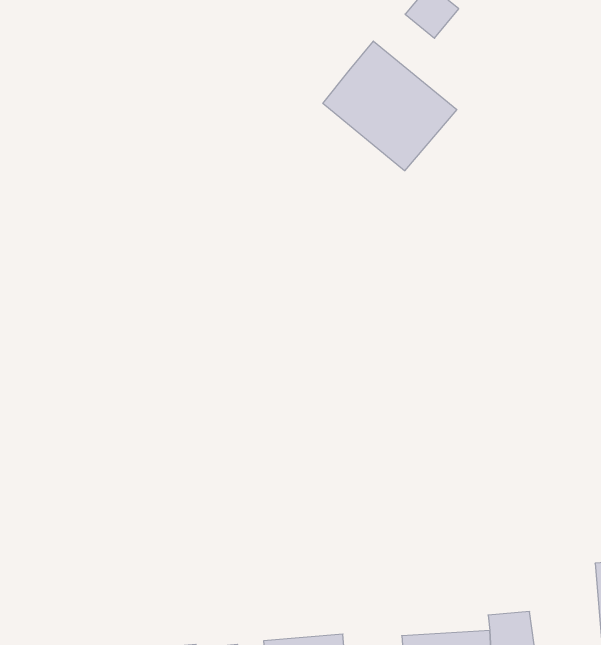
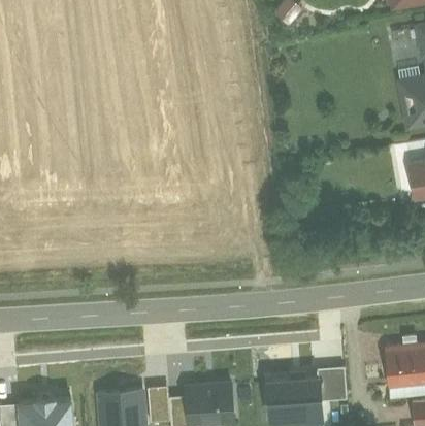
building: [323,41,457,171] -> none

